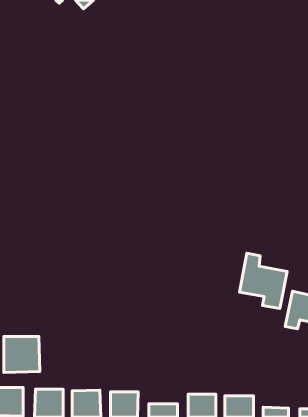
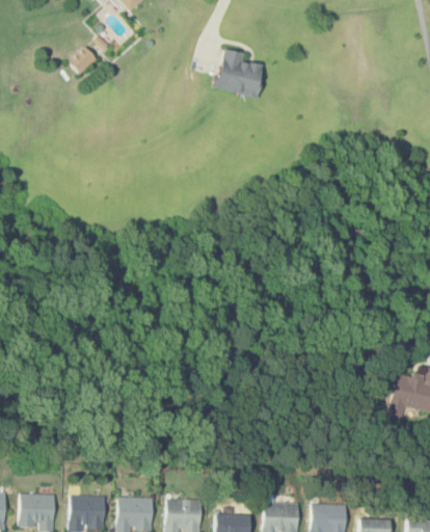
building: none -> [71,48,100,71]
building: none -> [216,48,267,98]
building: [240,253,287,309] -> none
building: [4,337,40,373] -> none

